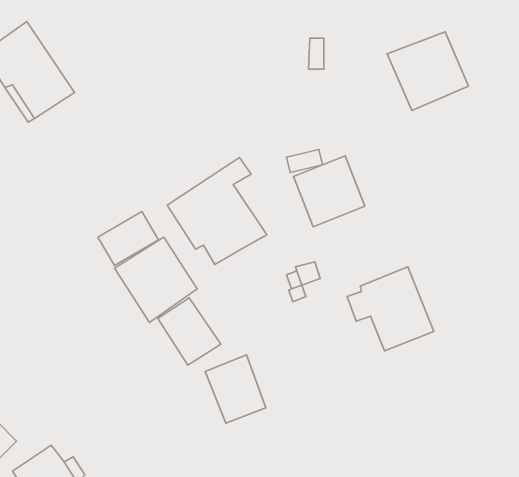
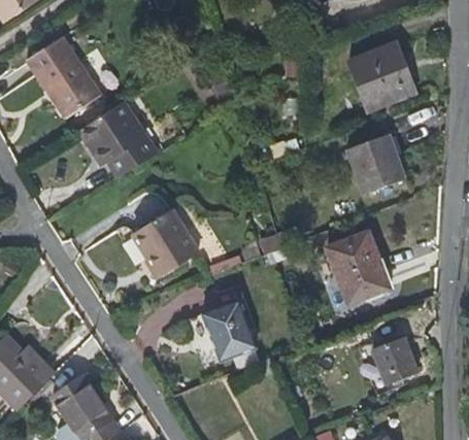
building: [294,156,365,227] -> [348,135,405,192]
building: [167,157,267,265] -> [79,92,159,177]
building: [158,298,221,365] -> none
building: none -> [373,336,416,383]

